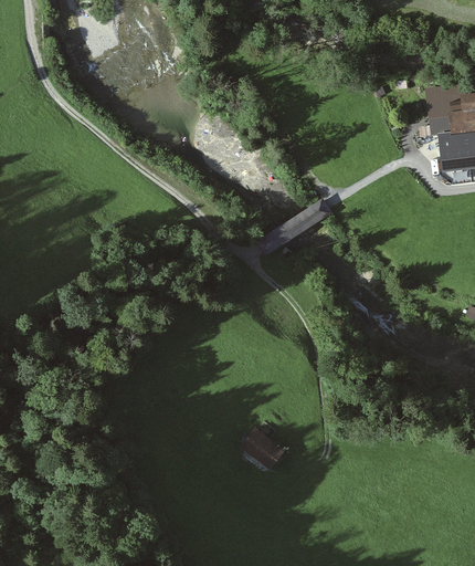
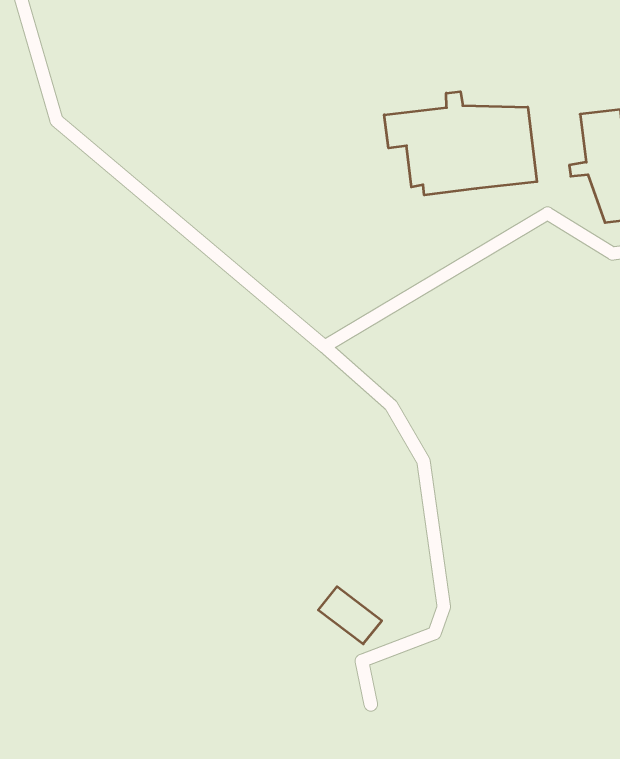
building: none -> [384,92,537,195]

